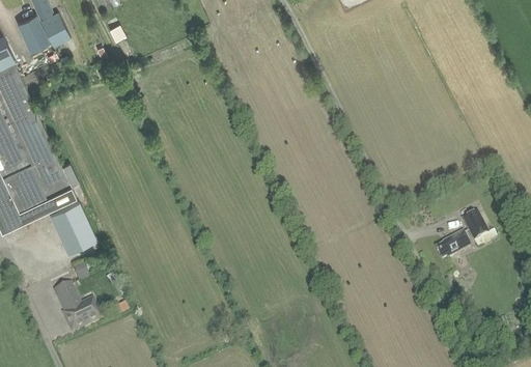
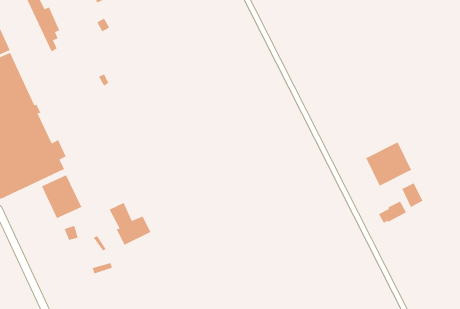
building: [18,16,50,54] -> none
building: none -> [365,142,412,186]
building: [54,283,103,333] -> [109,202,151,246]

